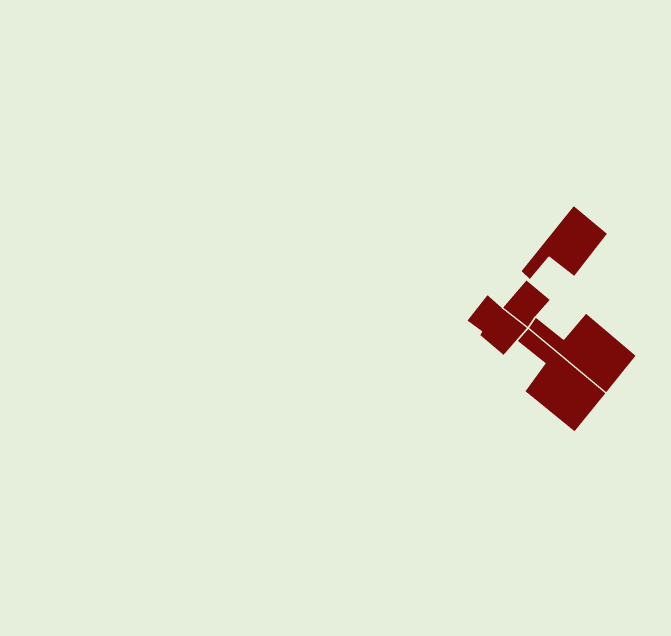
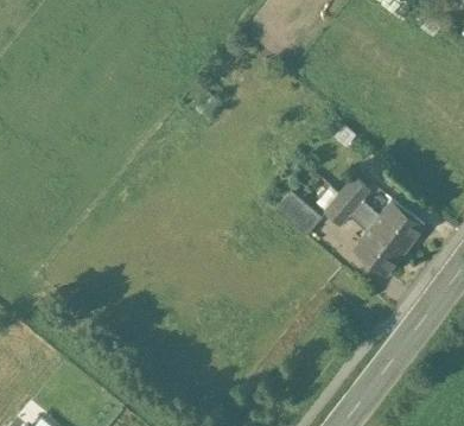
building: [521,205,608,280] -> none
building: none -> [274,192,322,239]

